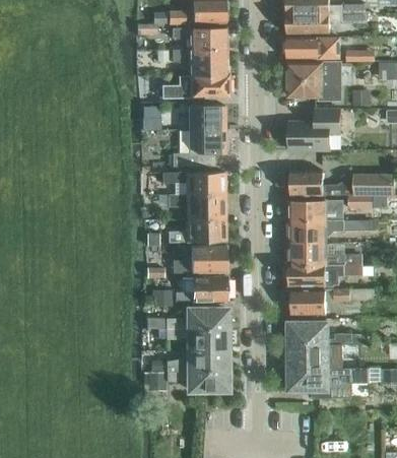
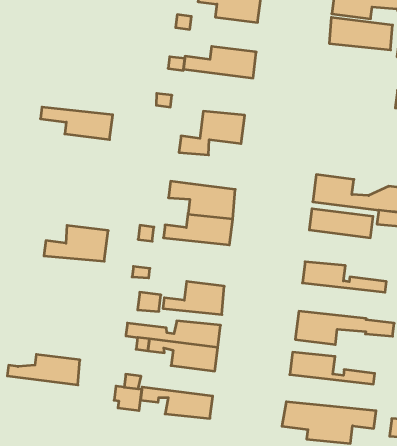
building: [172,49,225,74] -> none
building: [288,63,341,99] -> none
building: [188,105,223,130] -> none
building: [288,110,340,150] -> none
building: [162,172,223,193] -> [40,107,113,140]
building: [290,218,361,240] -> none
building: [173,245,224,273] -> [44,225,108,261]
building: [284,264,362,285] -> none
building: [289,343,361,364] -> none
building: [166,349,226,371] -> [7,354,80,385]

